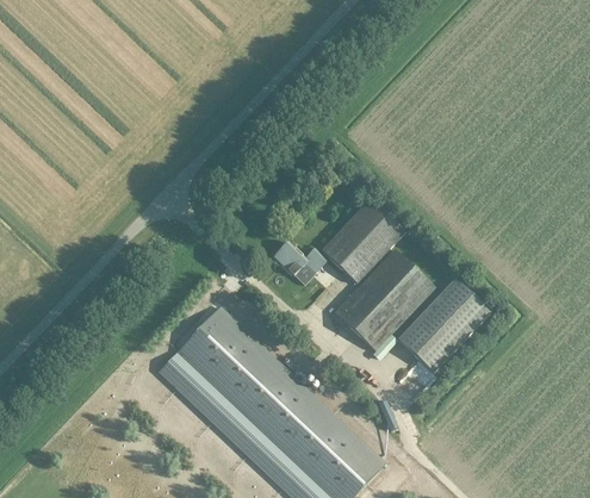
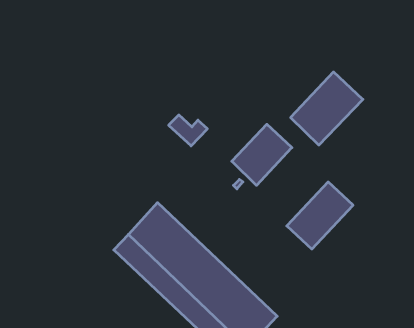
building: [273,241,327,284] -> [169,115,207,146]
building: [335,248,435,349] -> [291,72,363,145]

